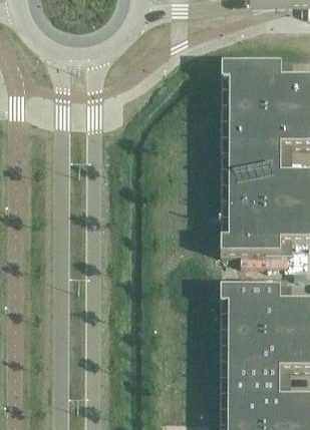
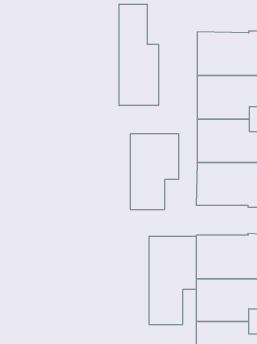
building: none -> [119,4,159,106]
building: none -> [130,134,179,210]
building: none -> [149,236,196,325]

